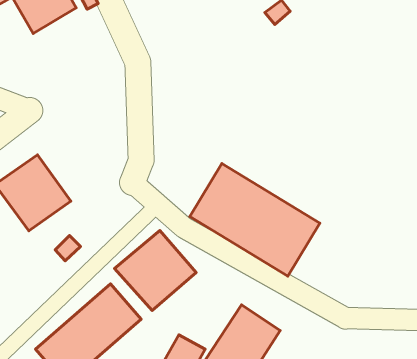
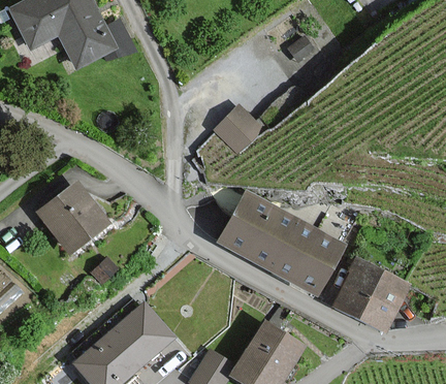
building: none -> [217,105,258,147]
building: [115,230,196,311] -> none
building: none -> [333,258,406,329]

